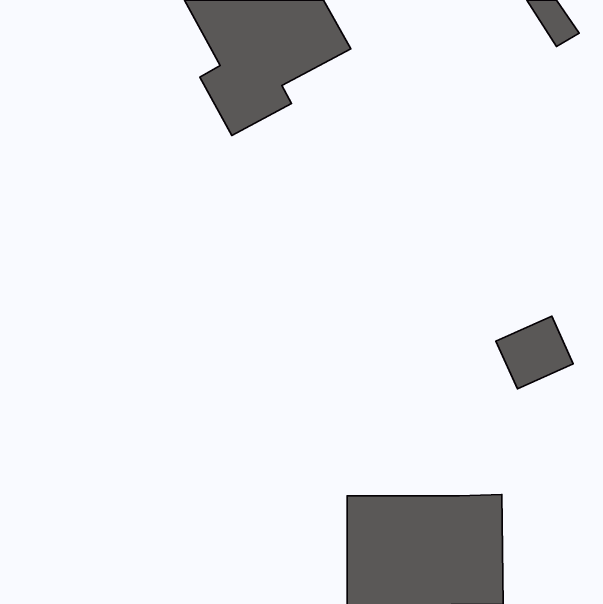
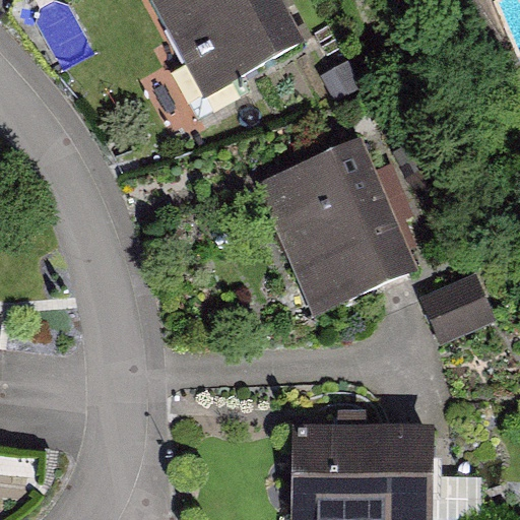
building: none -> [262,139,414,301]

